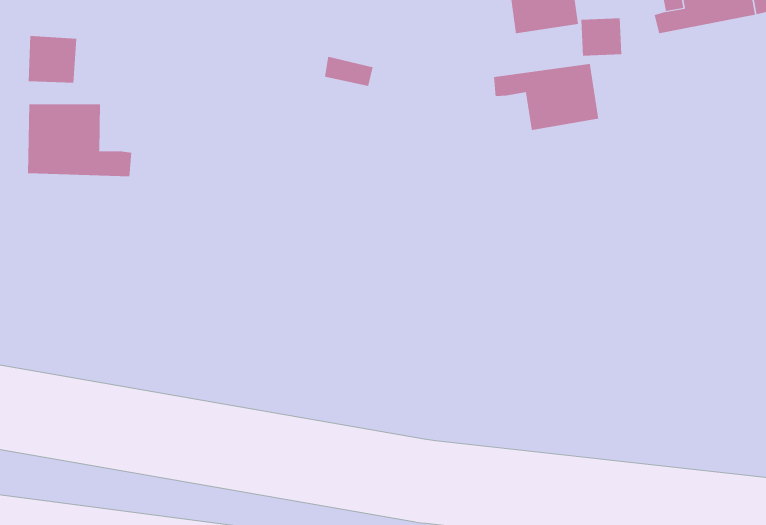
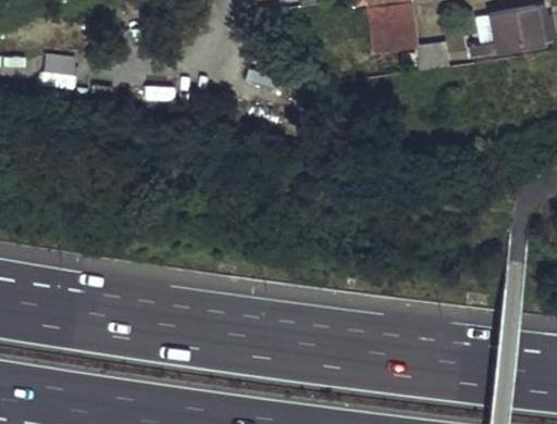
building: [494,63,599,131] -> none
building: [28,104,132,177] -> none

